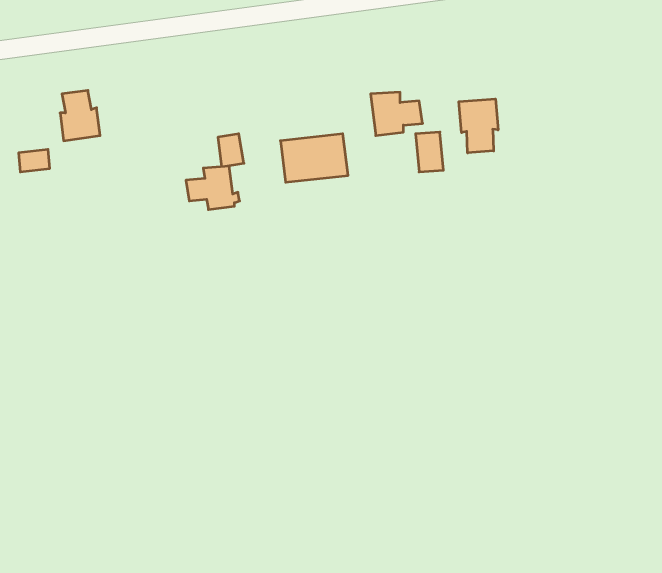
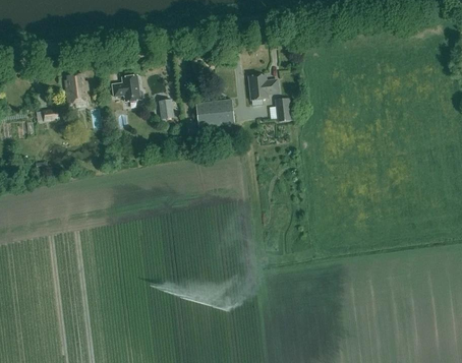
building: [459,99,498,153] -> none
building: [186,166,240,210] -> [112,75,143,101]

